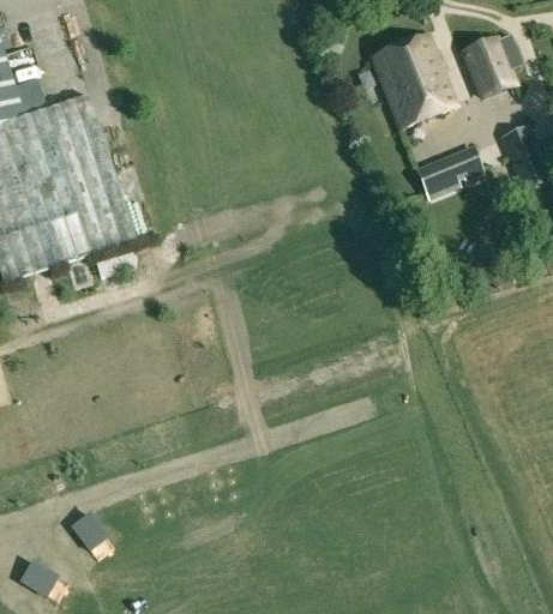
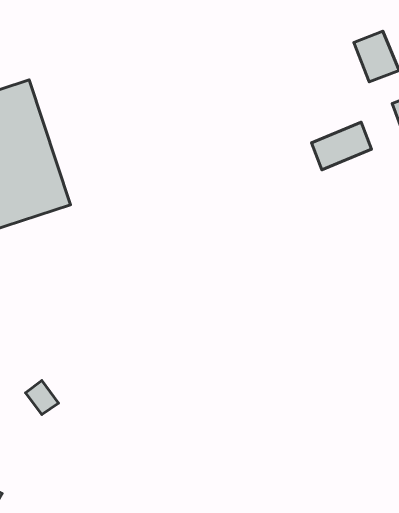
building: [372,34,457,127] -> none
building: [70,507,108,547] -> [25,380,58,414]

